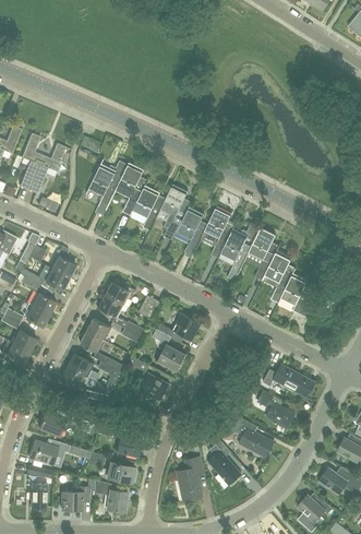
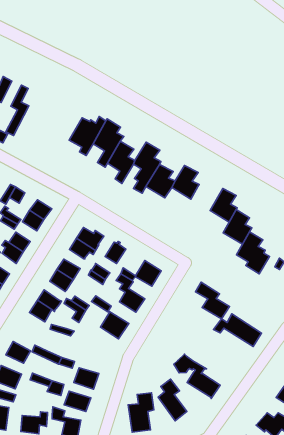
building: [27,143,64,192] -> none
building: [220,223,260,264] -> none
building: [256,389,294,427] -> [196,282,229,319]

